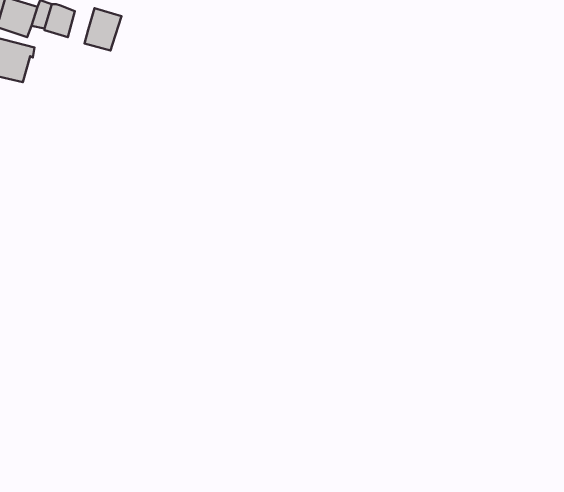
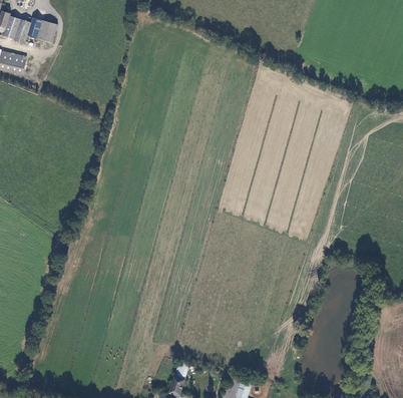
building: [85,8,121,51] -> none

